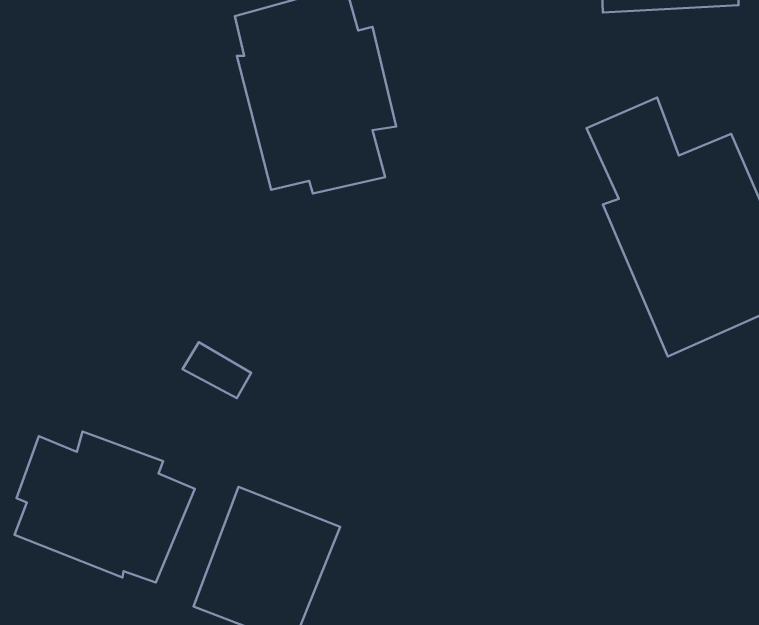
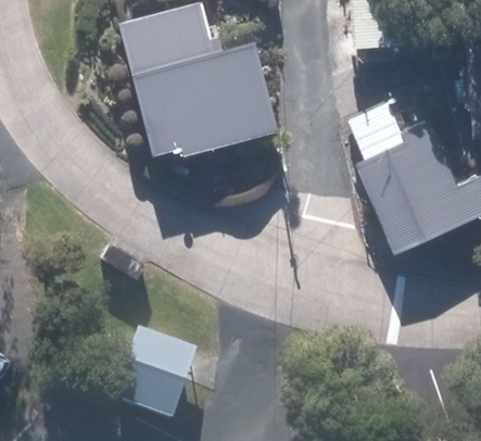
building: [15,431,195,583] -> none

